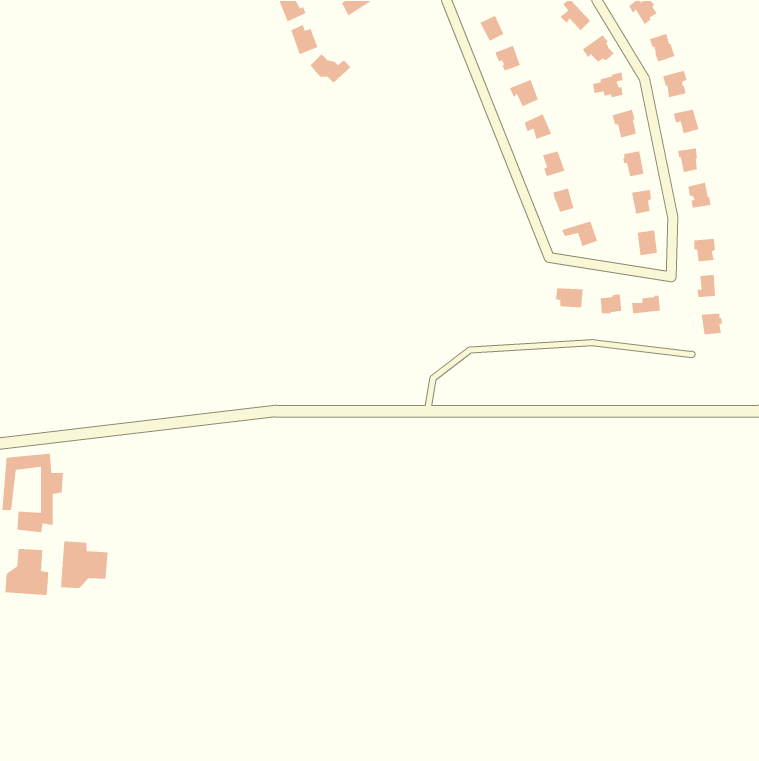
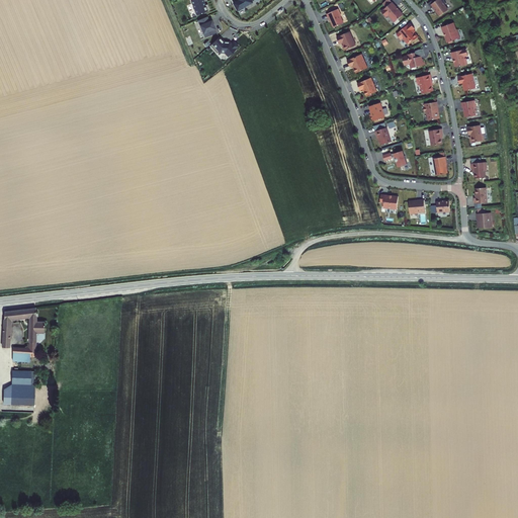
building: [60,540,108,589] -> none

